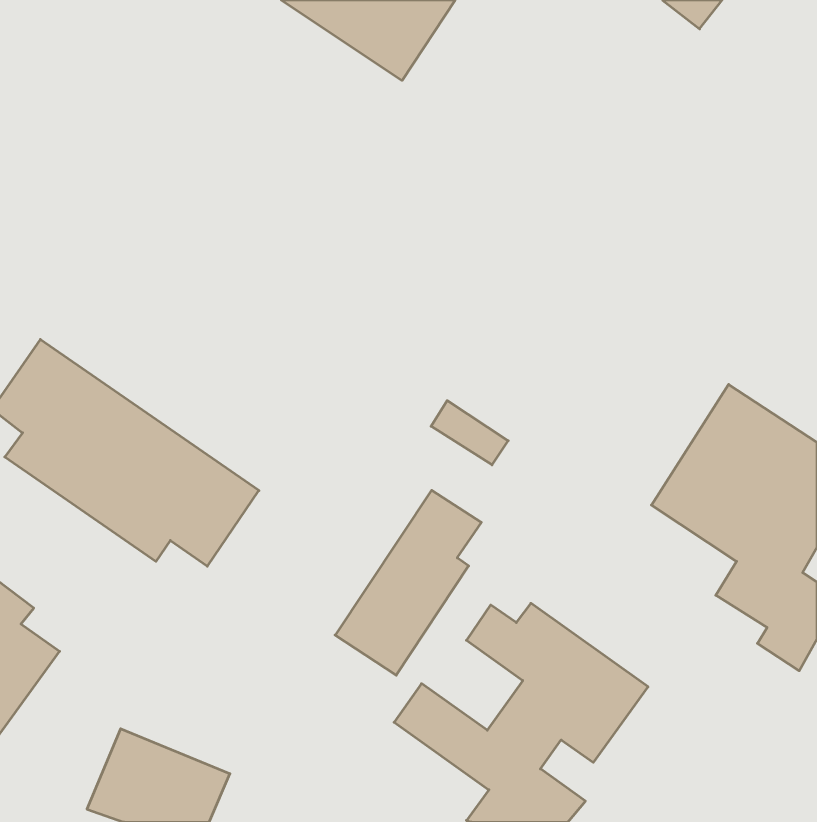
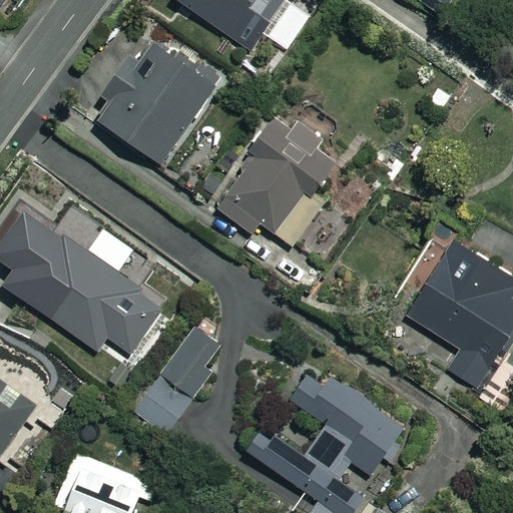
building: none -> [96,46,216,163]
building: none -> [212,117,350,245]
building: [335,490,481,675] -> [132,326,223,441]

